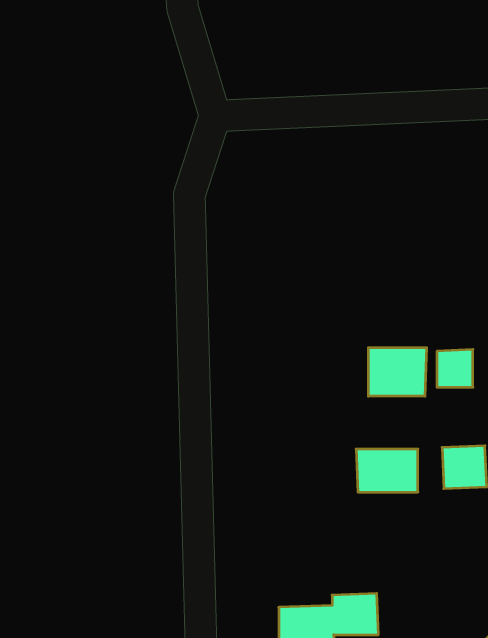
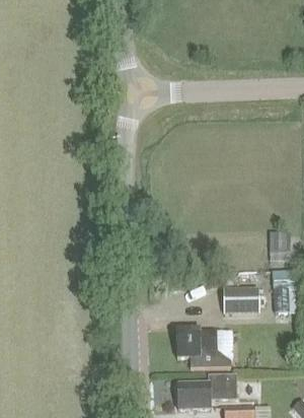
building: [368,348,427,396] -> none
building: none -> [176,326,231,366]

